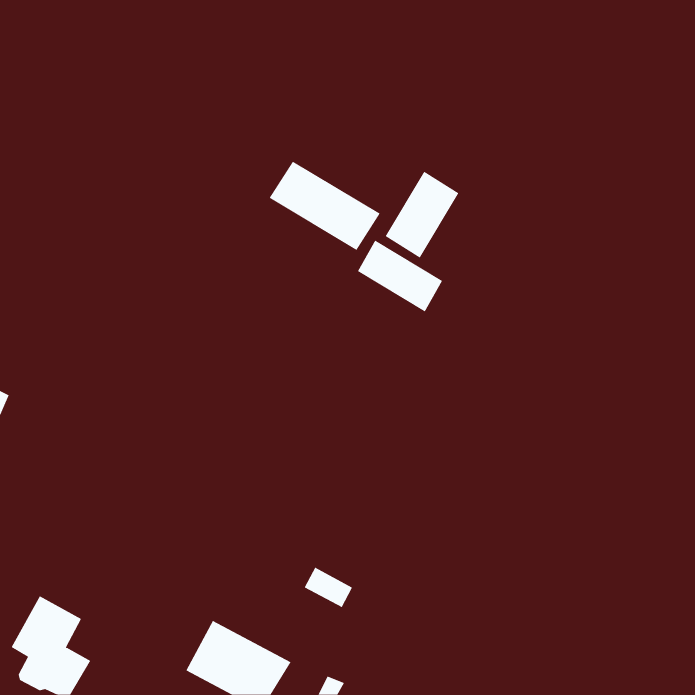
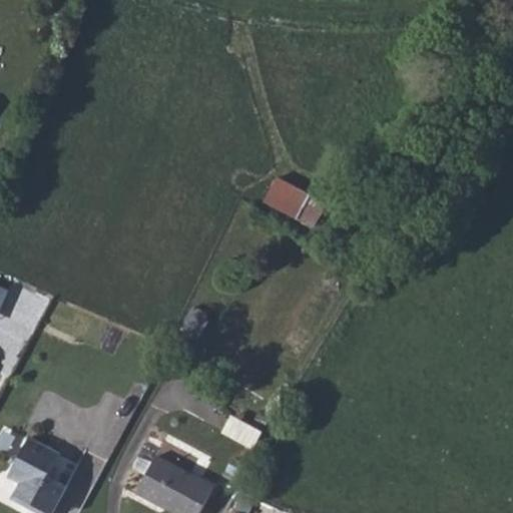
building: [269,161,380,251] -> none
building: [385,171,459,258] -> none

